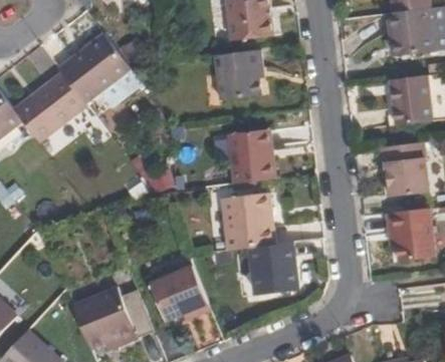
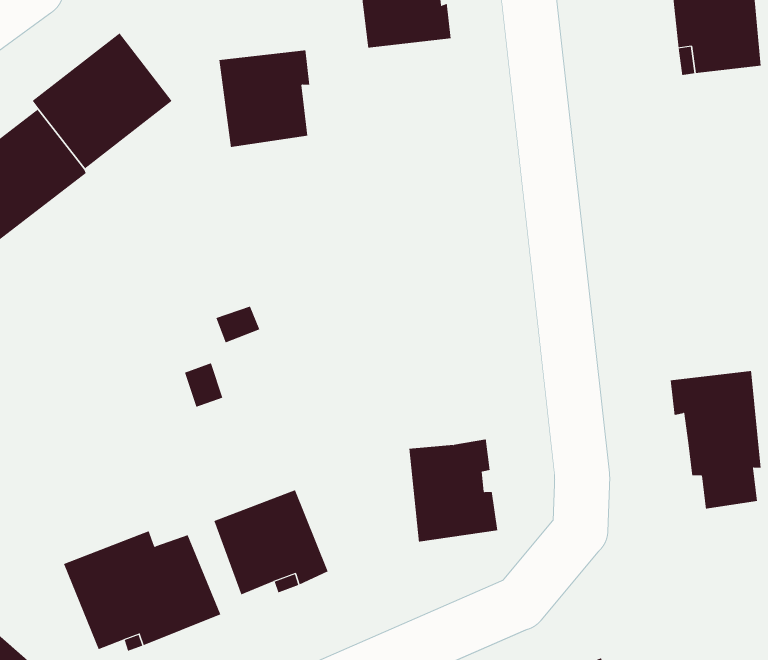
building: [215,49,262,99] -> [218,50,310,148]
building: [390,73,432,124] -> none
building: [227,128,275,184] -> none
building: [378,141,427,195] -> none
building: [221,194,274,250] -> none

